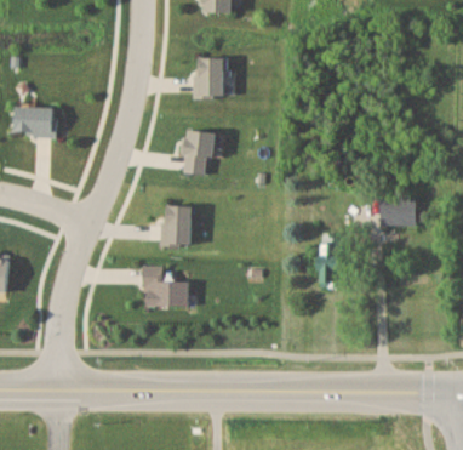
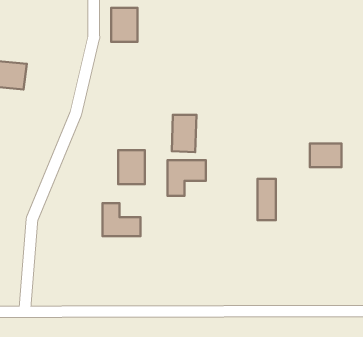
building: [195,58,225,97] -> [111,8,138,42]
building: [185,132,213,175] -> [172,115,196,152]
building: none -> [168,160,206,196]

